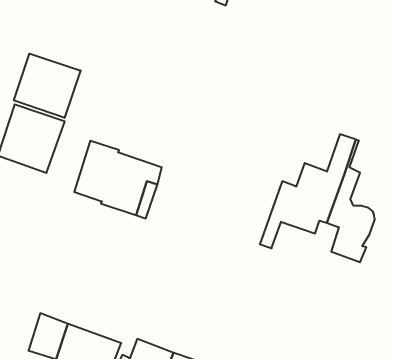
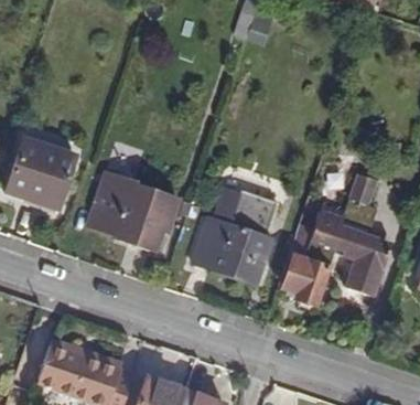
building: [14,54,81,118] -> none
building: none -> [189,184,274,280]
building: none -> [289,254,334,303]

